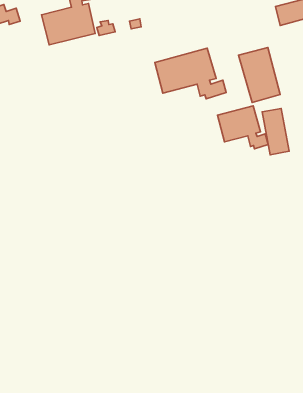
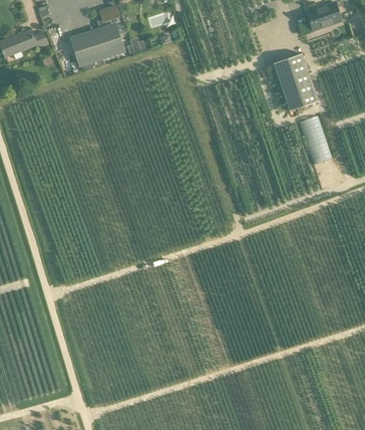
building: [155,48,226,99] -> none
building: [218,106,268,149] -> none

